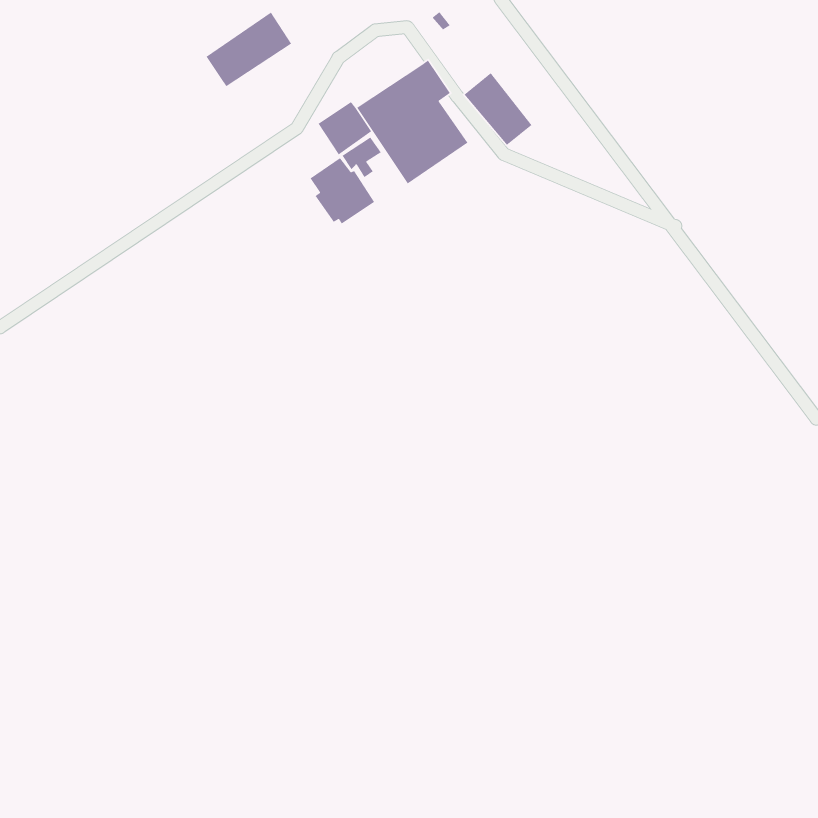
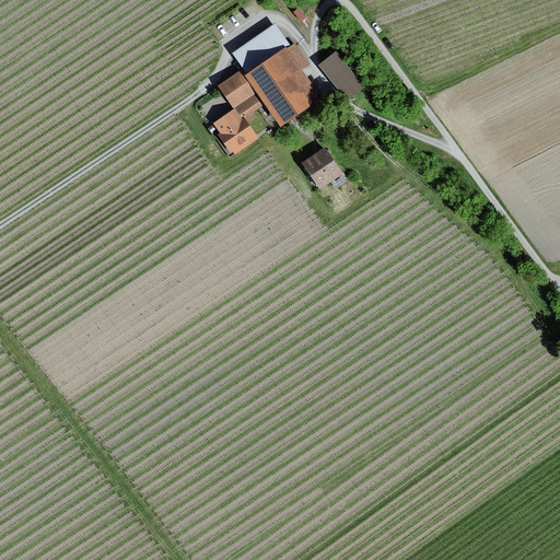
building: [205,12,292,87] -> [230,22,289,73]
building: none -> [300,145,341,190]

